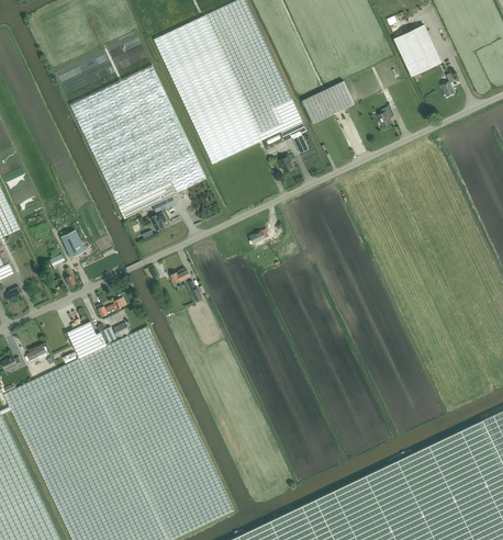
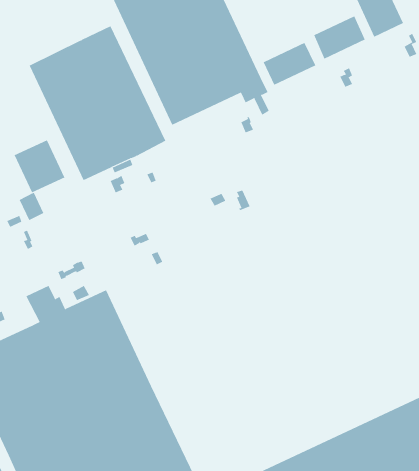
building: none -> [313,15,365,60]
building: none -> [14,140,65,193]

